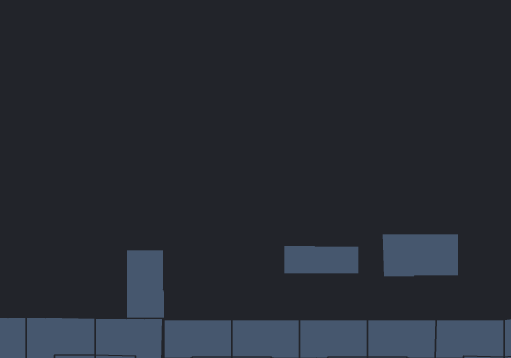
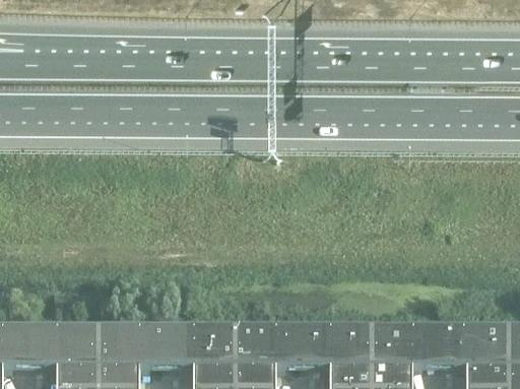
building: [382,233,458,277] -> none
building: [284,245,359,274] -> none
building: [127,249,164,319] -> none

